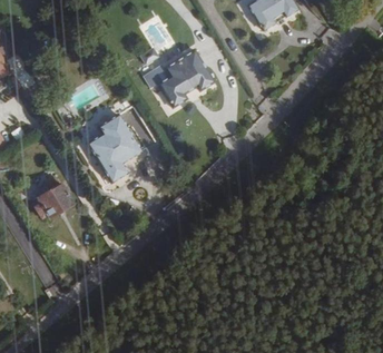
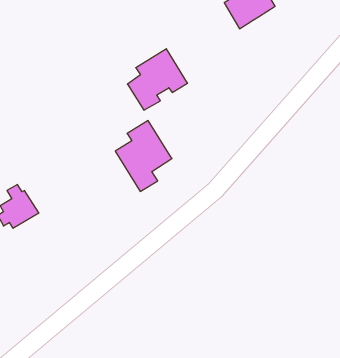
building: [86,115,139,182] -> [115,121,172,191]

